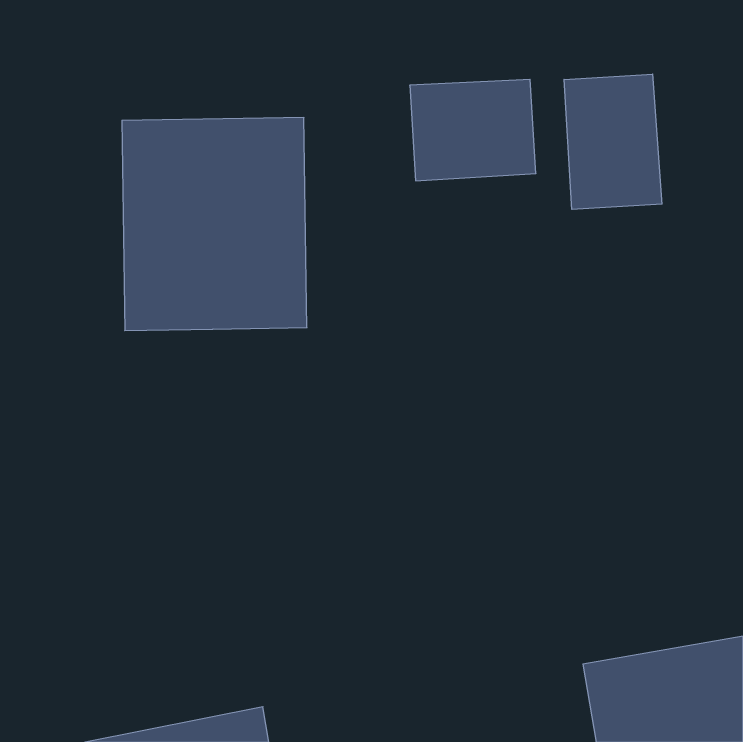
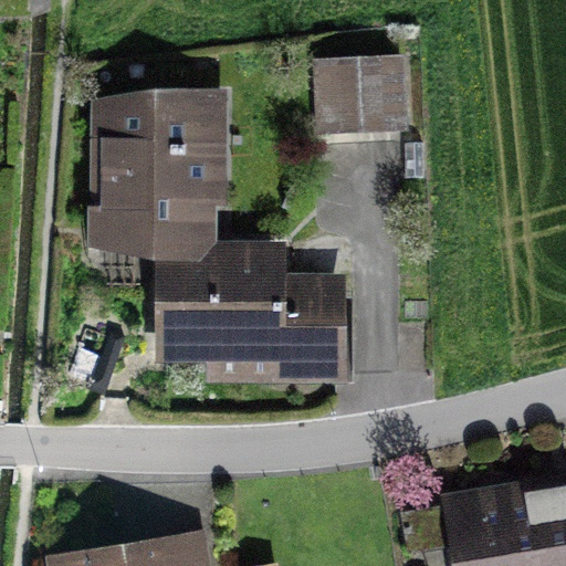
building: [564,74,662,209] -> none
building: none -> [160,245,344,363]

